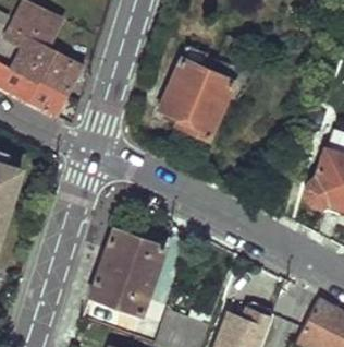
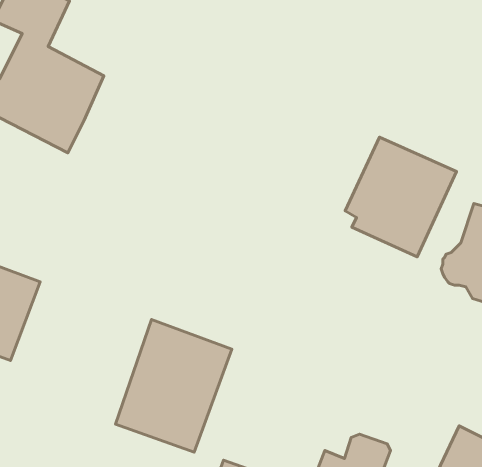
building: [160,59,234,139] -> [345,137,456,257]

